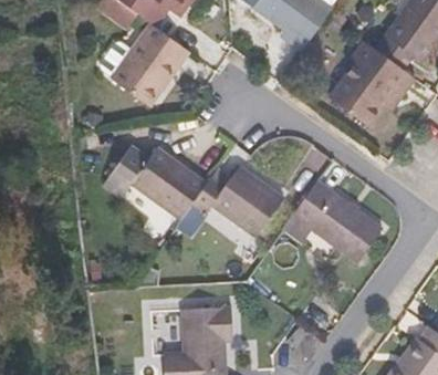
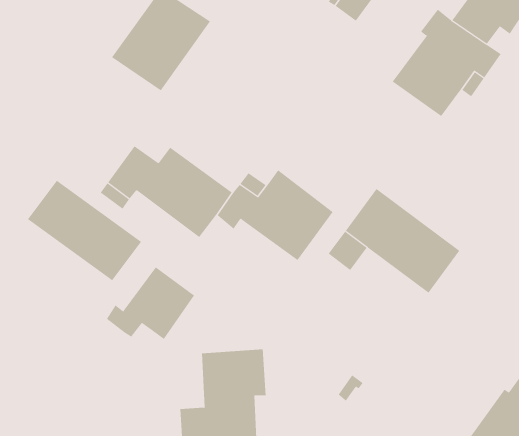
building: none -> [27,180,142,281]
building: none -> [106,267,195,340]

